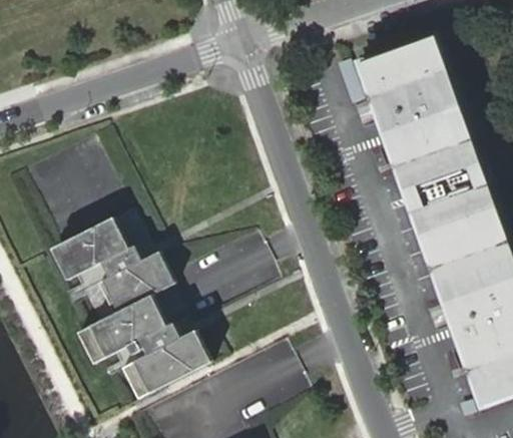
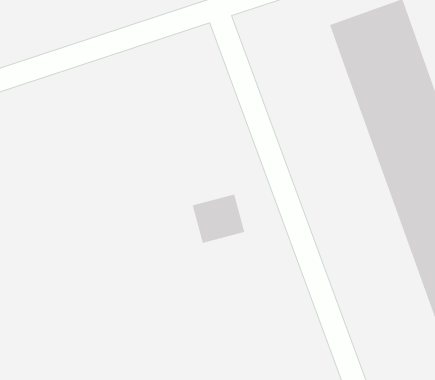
building: [48,221,209,400] -> none

